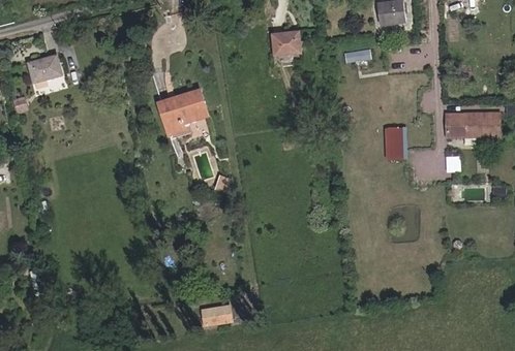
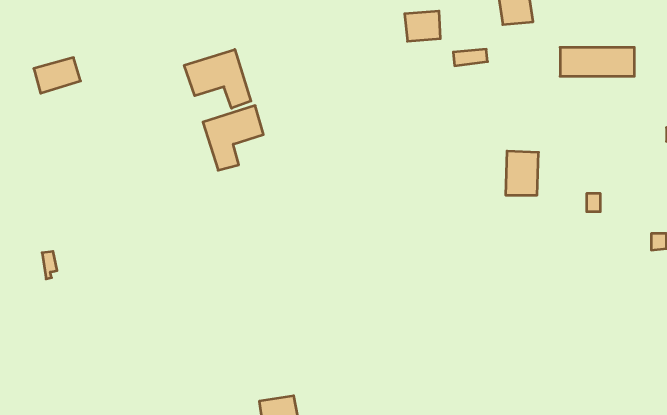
building: [273,30,300,53] -> [405,11,440,41]
building: none -> [184,49,251,108]
building: [445,114,501,135] -> [560,47,634,76]

